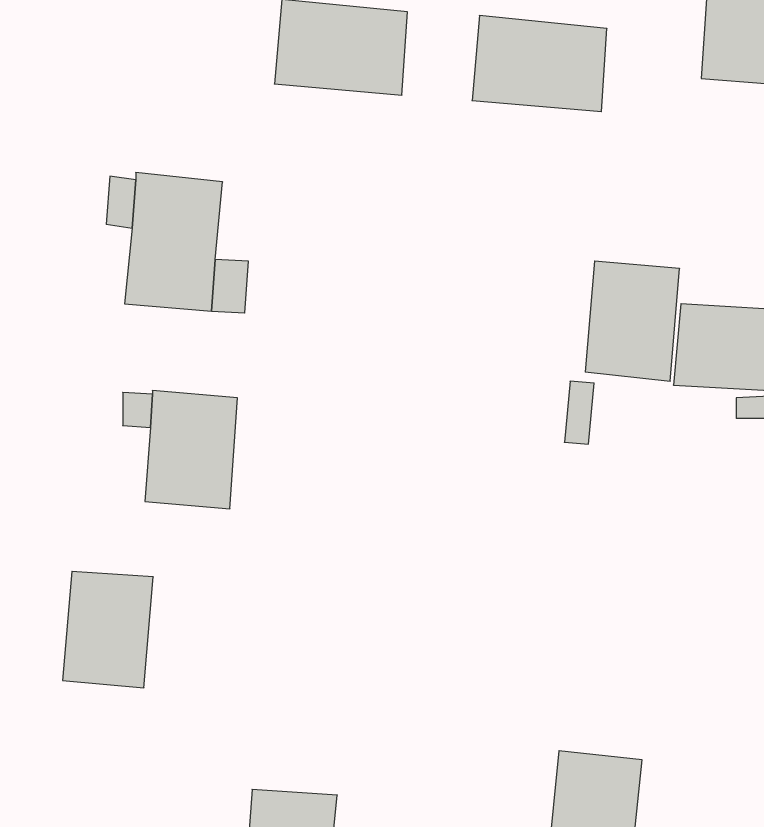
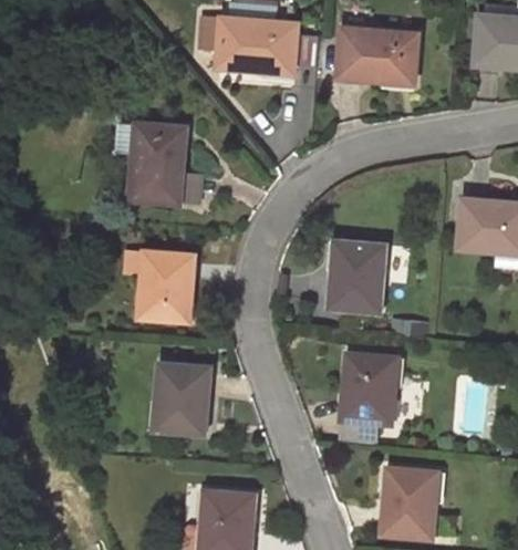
building: [585,261,680,381] -> [329,241,385,313]
building: none -> [340,352,396,447]
building: [63,571,153,688] -> [155,364,209,434]

